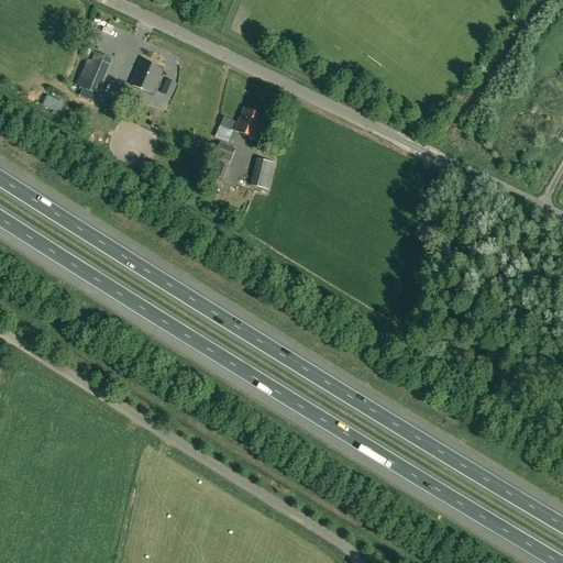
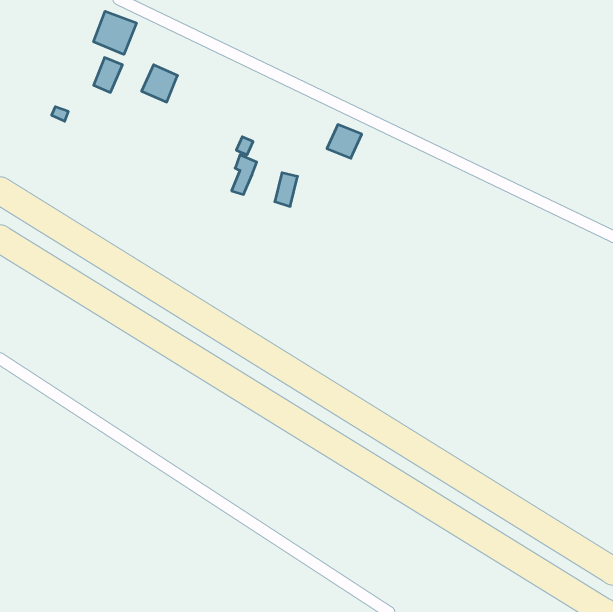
building: none -> [94,11,136,54]
building: [234,108,266,139] -> [327,125,362,158]

